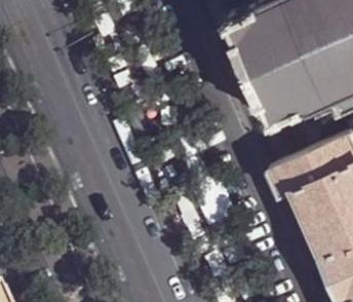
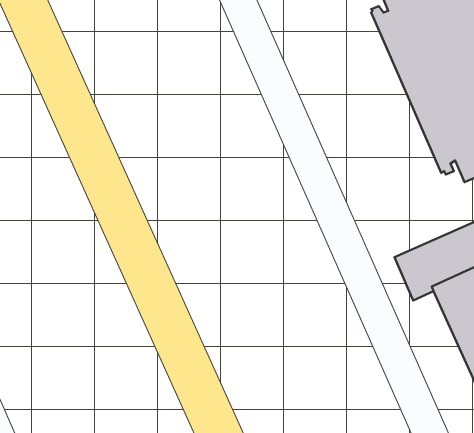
building: [224,13,297,133] -> none

